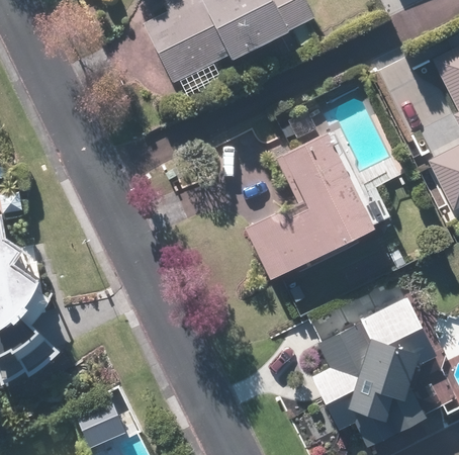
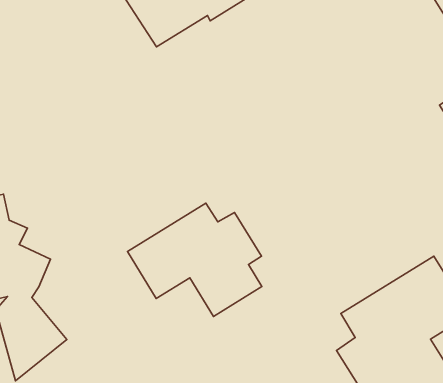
building: [243,139,366,282] -> none
building: none -> [127,203,262,317]

